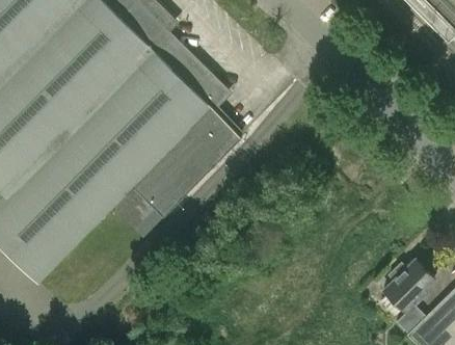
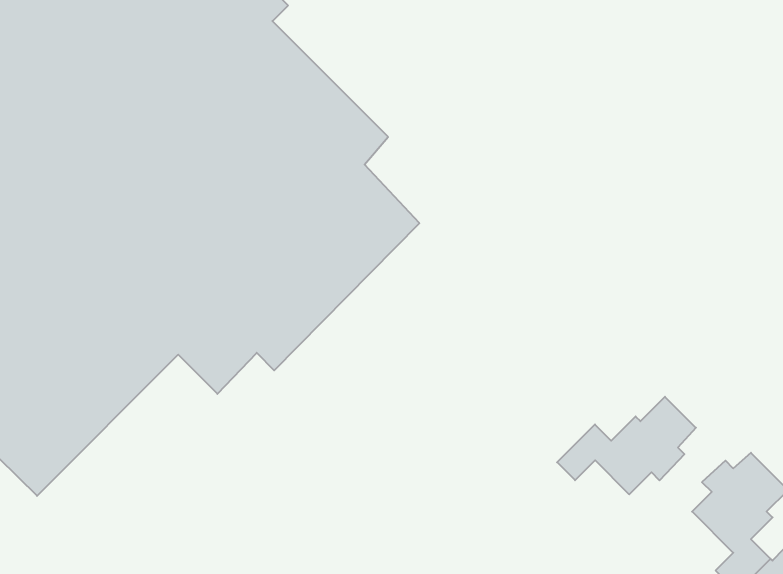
building: none -> [557,397,696,494]

